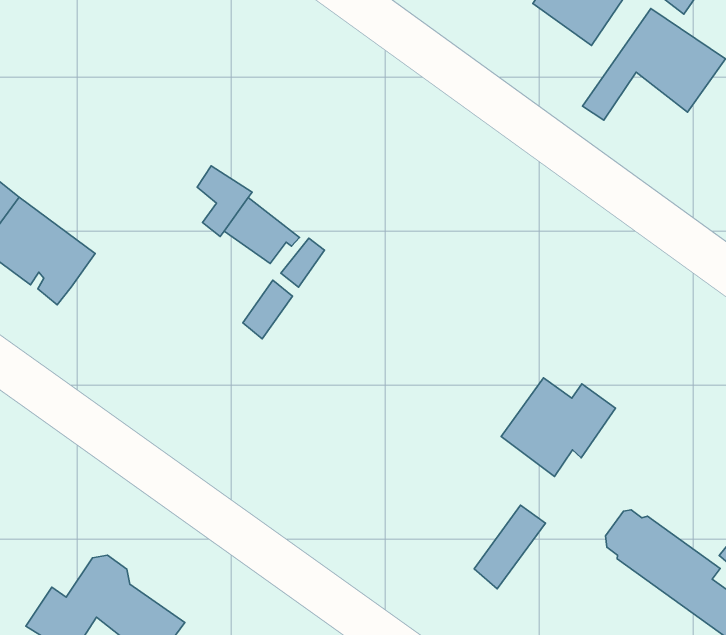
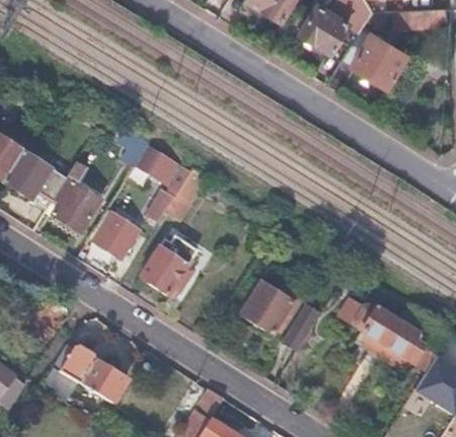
building: none -> [54,165,103,232]
building: none -> [92,209,141,259]
building: none -> [141,238,188,296]
building: [501,378,616,477] -> [243,282,305,336]

